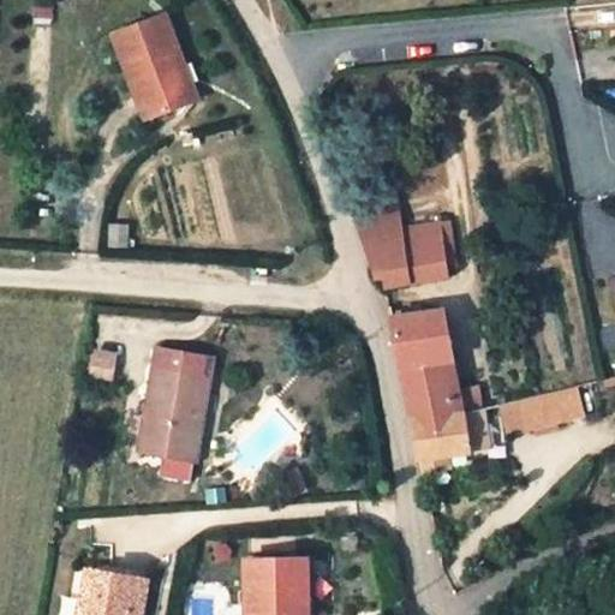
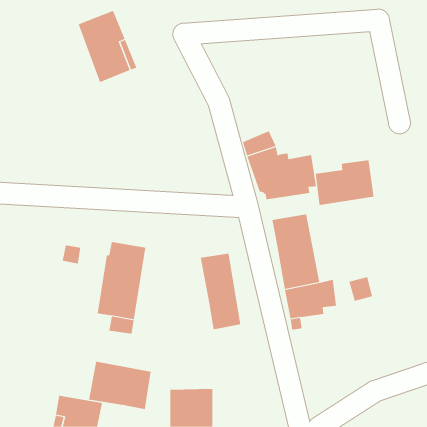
building: none -> [315,160,374,206]
building: none -> [200,253,241,330]
building: [529,386,584,426] -> none
building: none -> [88,361,151,410]

